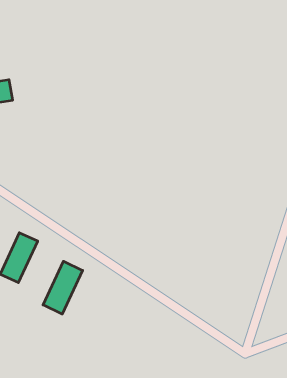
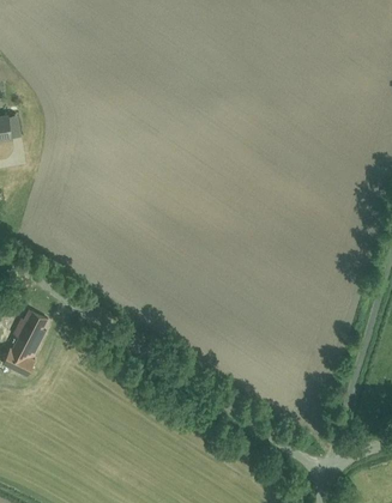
building: [43,261,83,314] -> none

